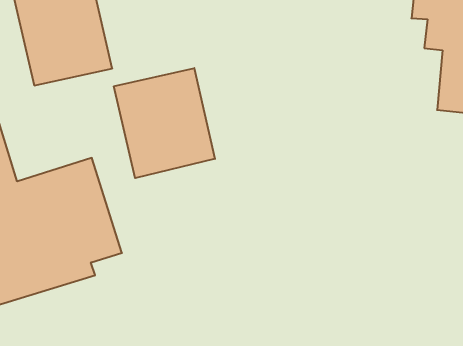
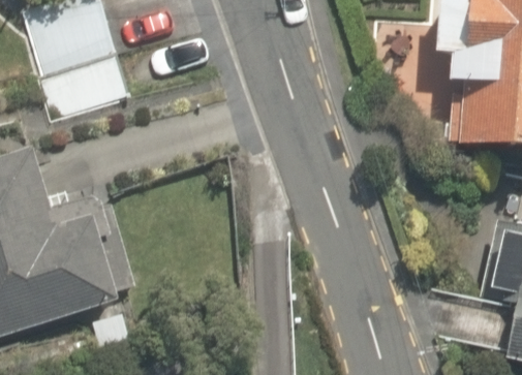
building: [114,68,215,178] -> none

